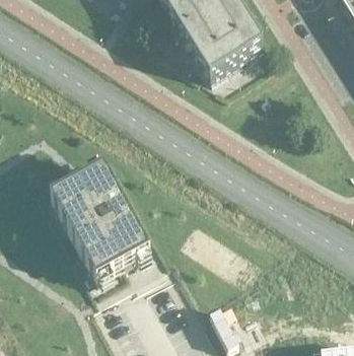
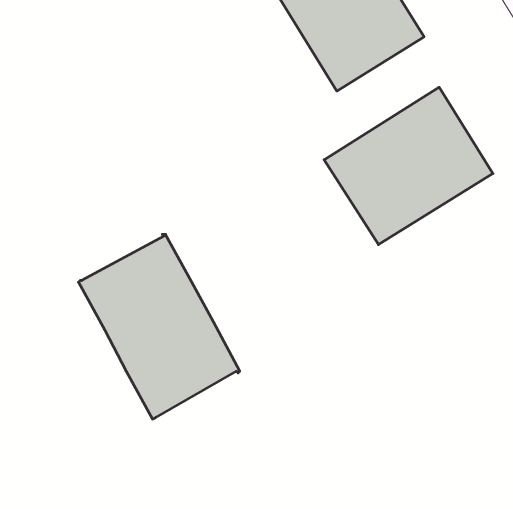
building: none -> [324,87,493,245]

